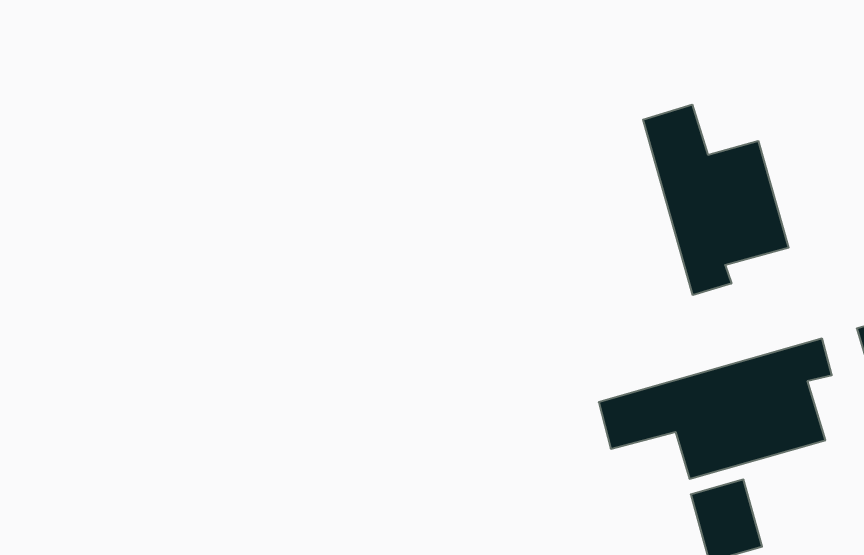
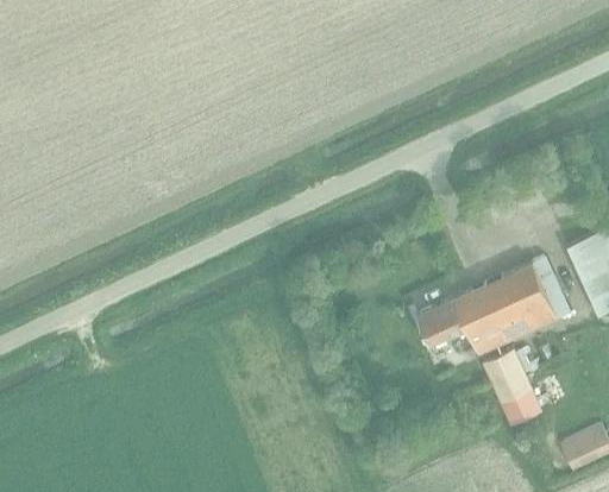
building: [643,105,789,295] -> none

